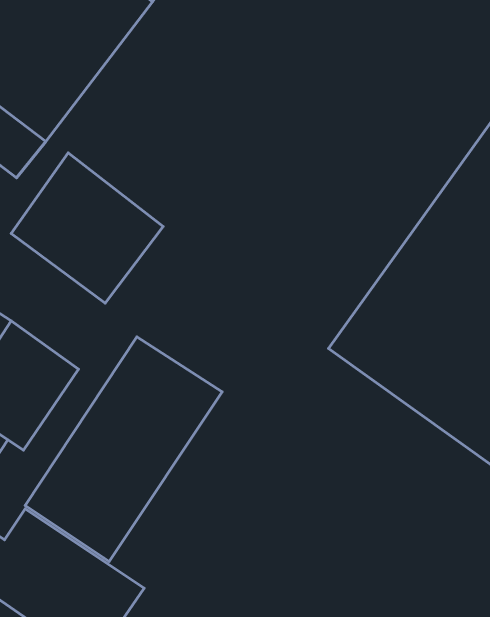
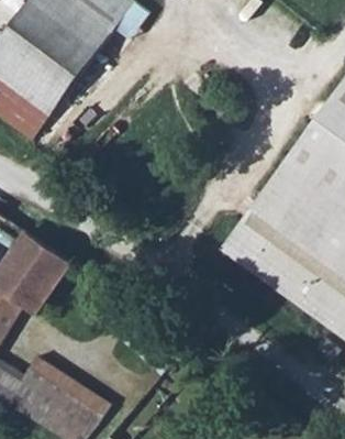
building: [11,153,163,303] -> none
building: [25,337,222,561] -> none

